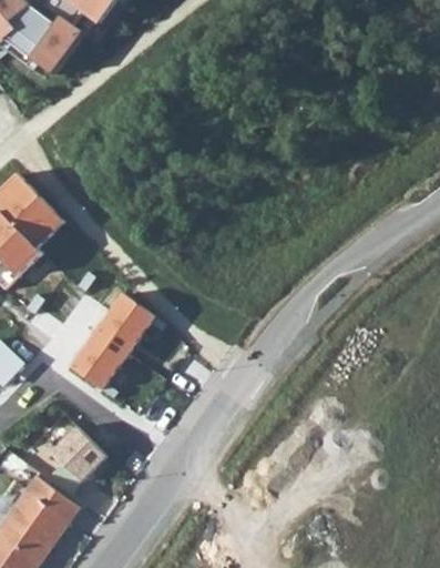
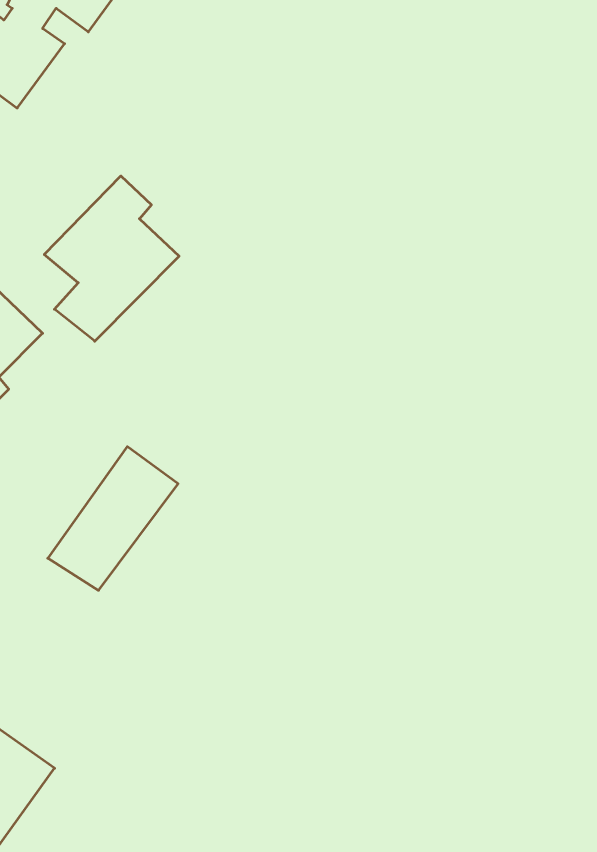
building: none -> [44,176,179,341]
building: [48,427,104,483] -> none

